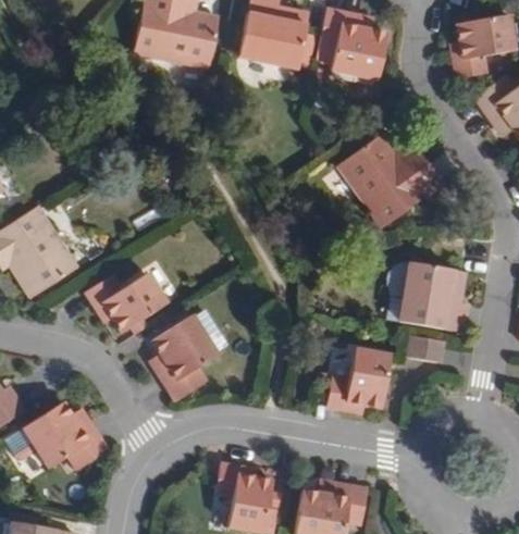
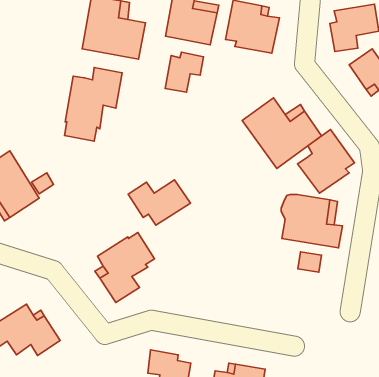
building: none -> [165,52,203,92]
building: none -> [64,67,122,141]
building: none -> [297,129,354,193]
building: [88,272,169,331] -> [128,180,190,225]
building: [329,349,392,410] -> none

